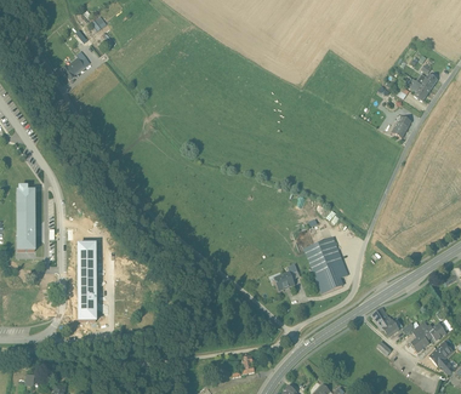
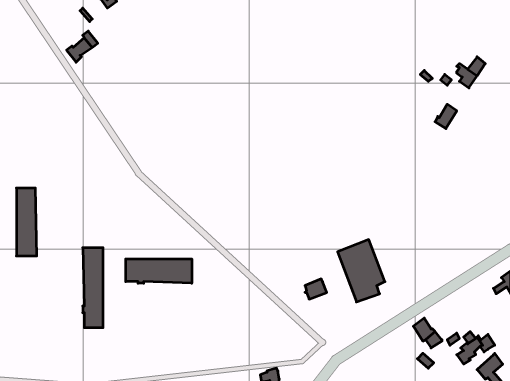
building: none -> [126,259,192,283]

